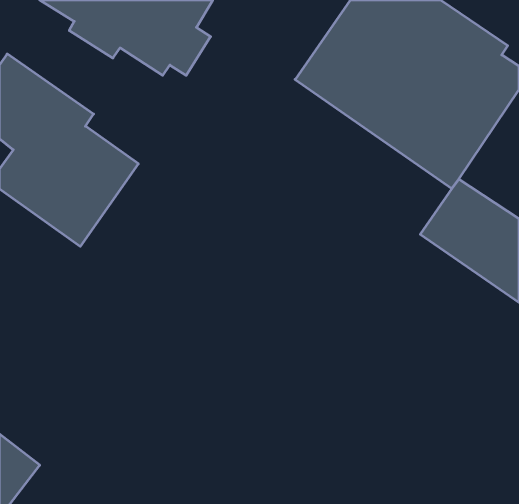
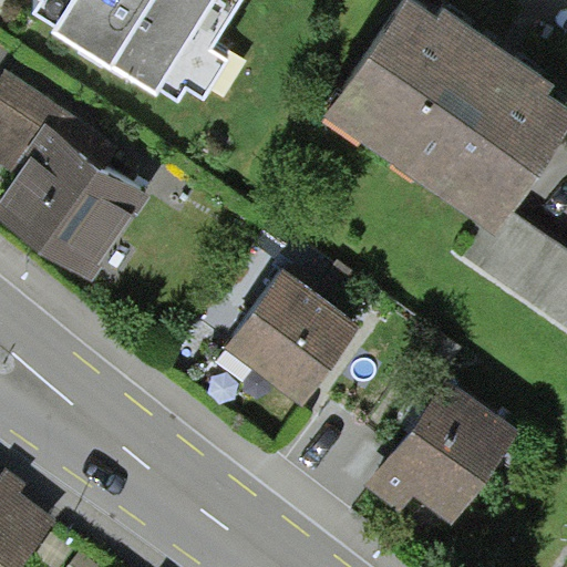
building: none -> [227,269,360,402]
building: none -> [361,374,519,522]

